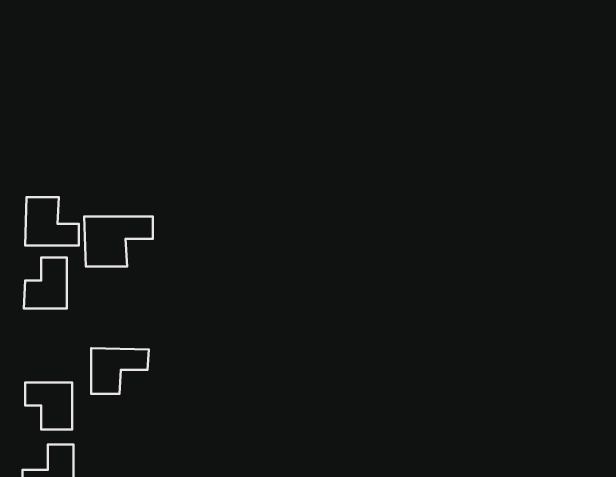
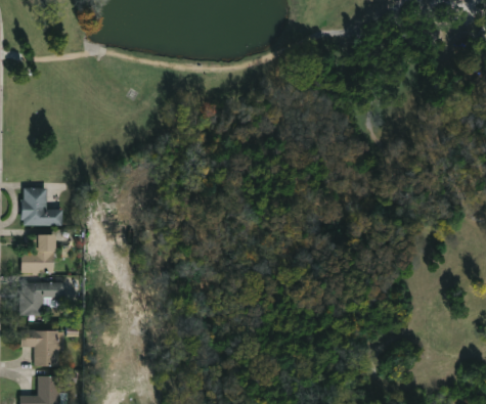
building: [84,217,153,267] -> none
building: [91,348,149,394] -> [21,281,65,316]

